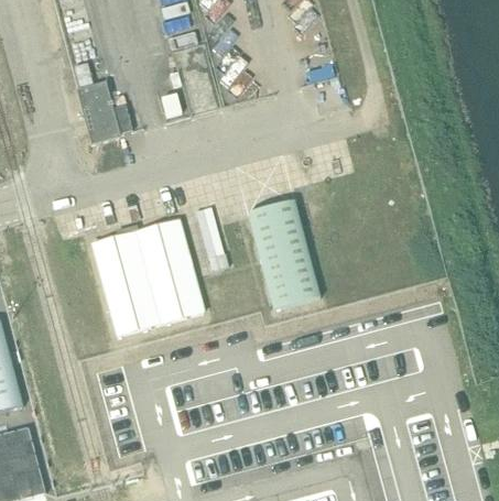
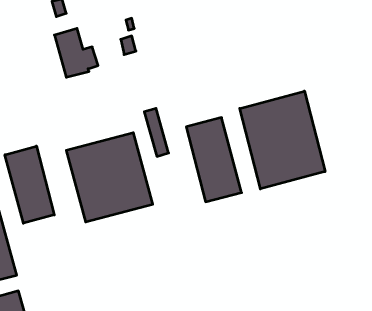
building: none -> [240,91,325,189]
building: none -> [5,146,54,223]

